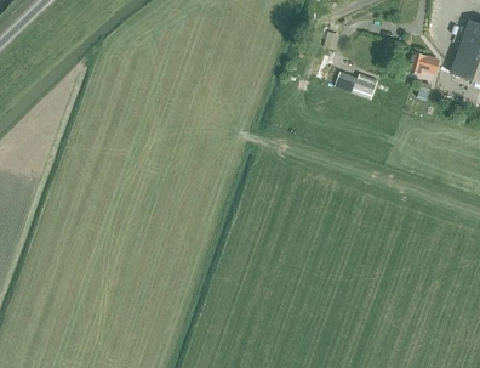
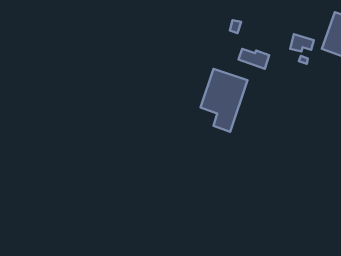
building: none -> [201,69,247,132]

